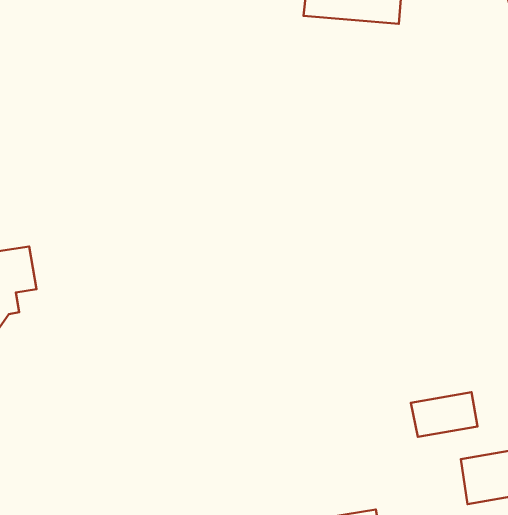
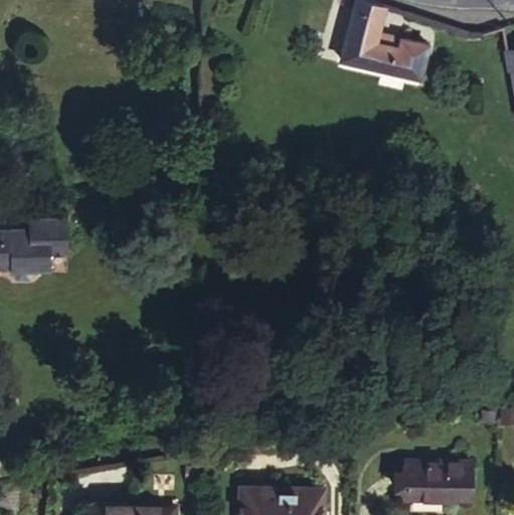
building: [411,392,477,437] -> none

